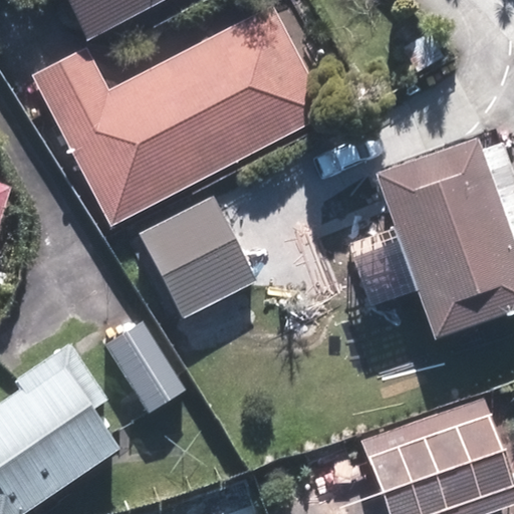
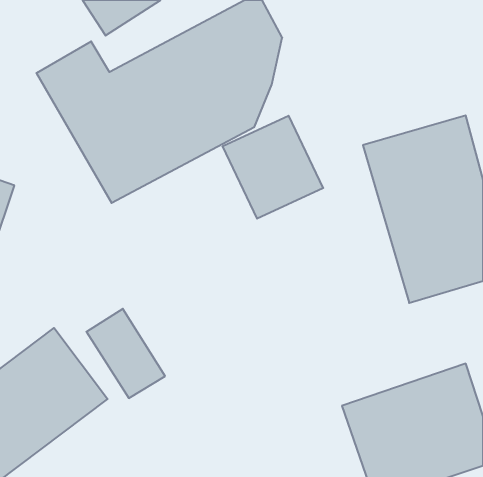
building: [148,205,253,312] -> [222,116,323,219]

